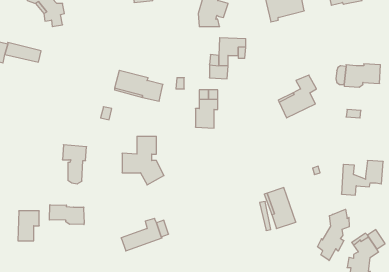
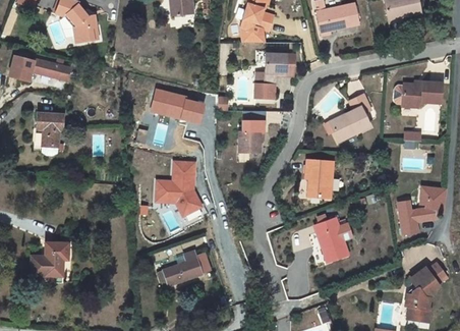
building: none -> [305,160,332,198]
building: [62,145,87,184] -> [37,112,63,155]
building: [49,205,84,225] -> none
building: [318,209,349,261] -> none

